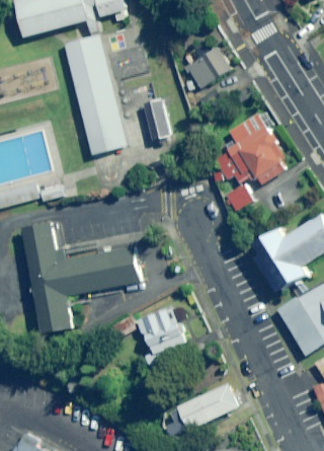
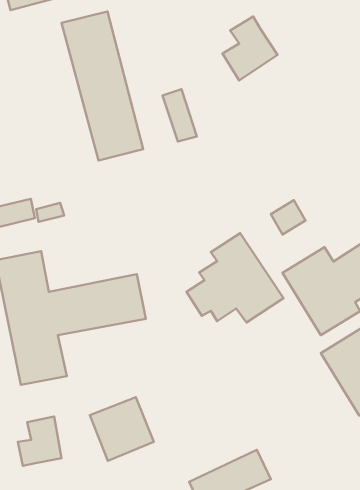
building: [220,116,297,186] -> [187,233,284,322]
building: [128,305,178,356] -> [90,397,154,461]
building: none -> [18,417,61,466]

